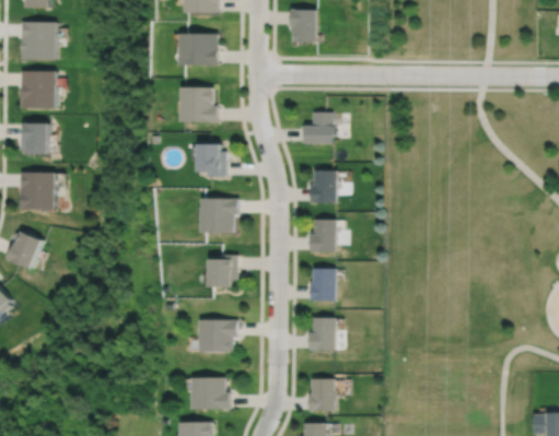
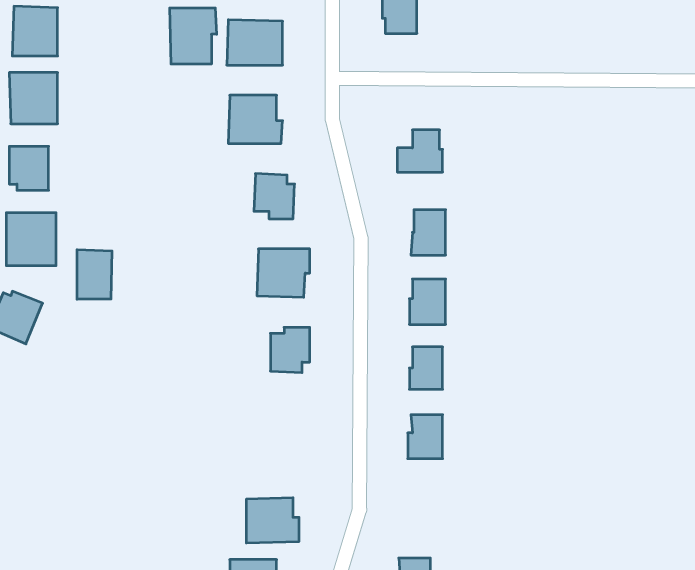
building: none -> [170,8,217,64]
building: none -> [77,250,112,299]
building: [200,320,238,352] -> none
building: [307,379,334,412] -> none

